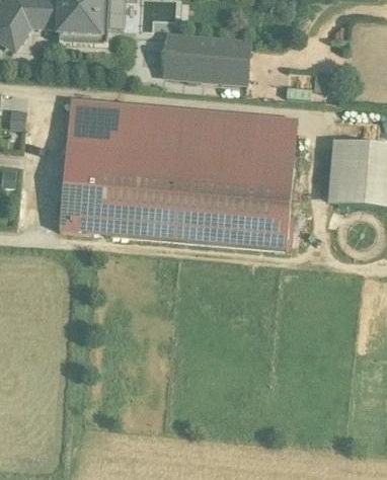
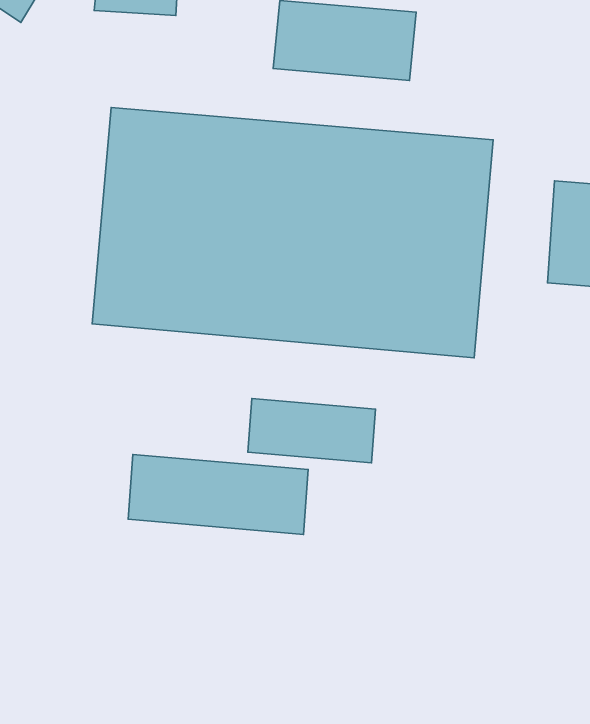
building: none -> [248,398,375,463]
building: none -> [128,454,308,534]

